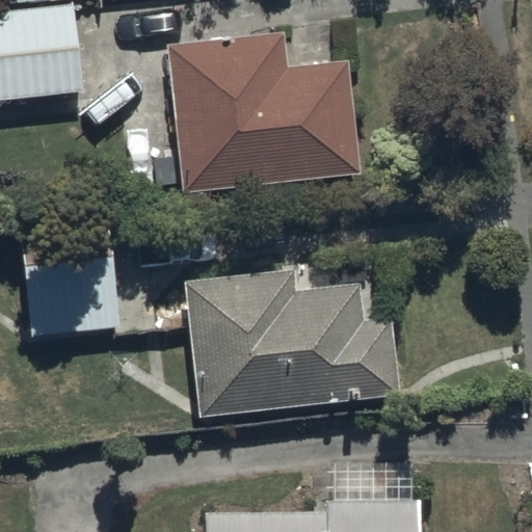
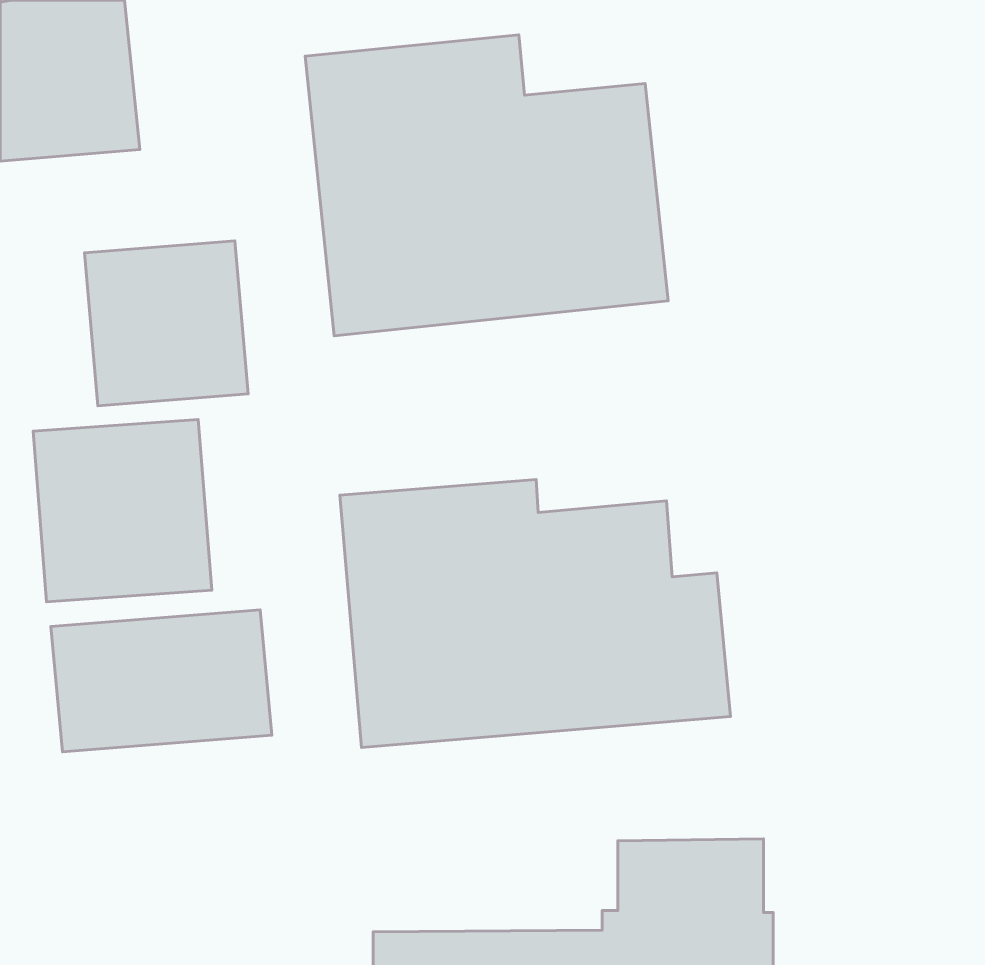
building: none -> [84,241,248,406]
building: none -> [51,610,272,752]

